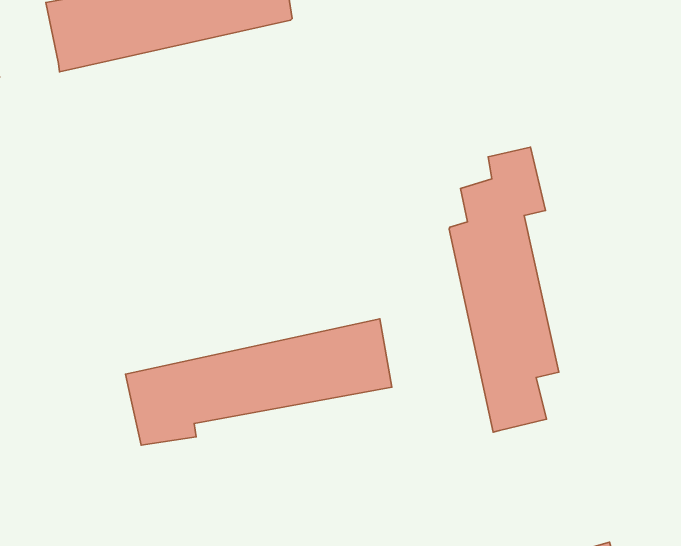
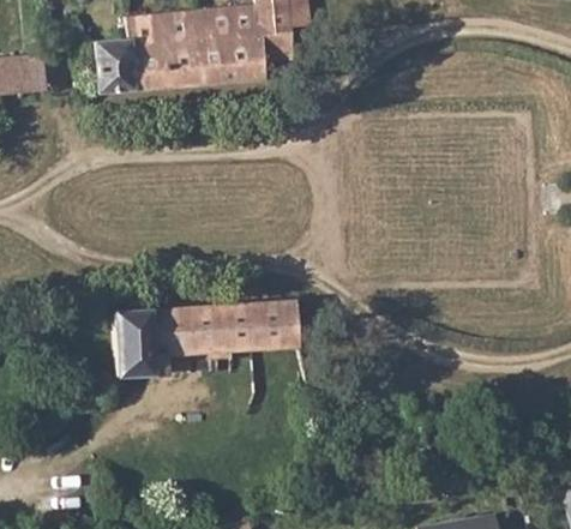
building: [449,147,559,432] -> none

